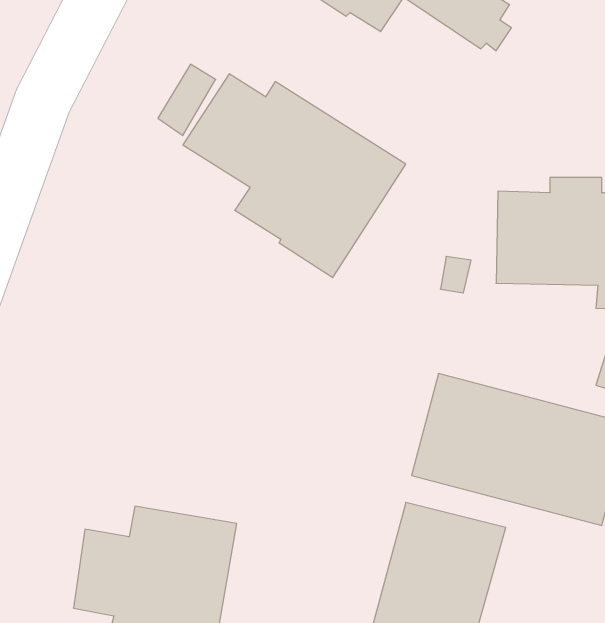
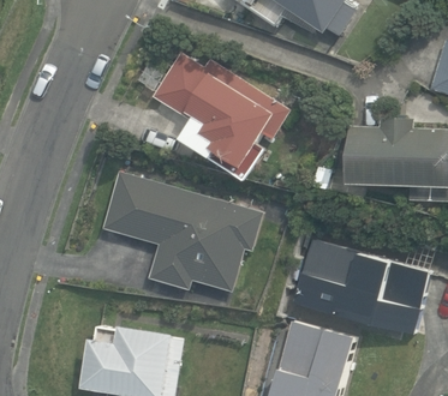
building: none -> [101,170,261,289]

